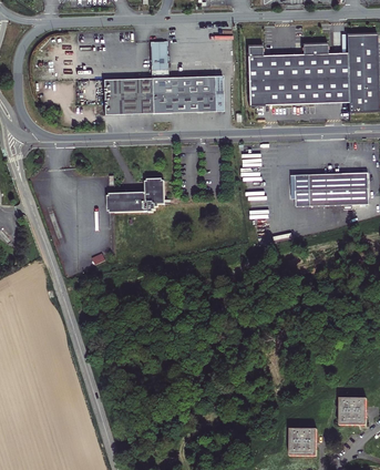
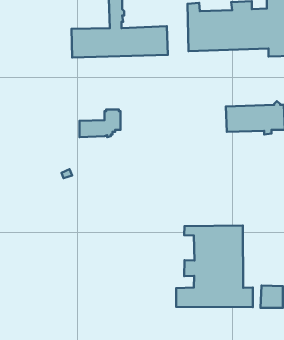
building: none -> [176,225,253,307]
building: [289,427,316,454] -> none

